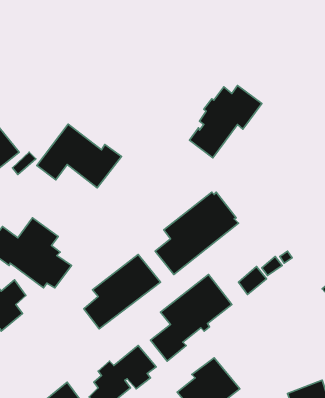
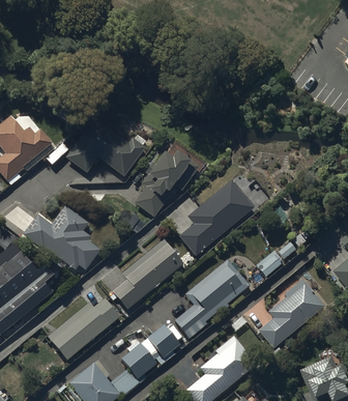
building: [189,86,262,158] -> [132,150,199,218]
building: none -> [257,279,324,349]
building: none -> [47,297,120,361]

